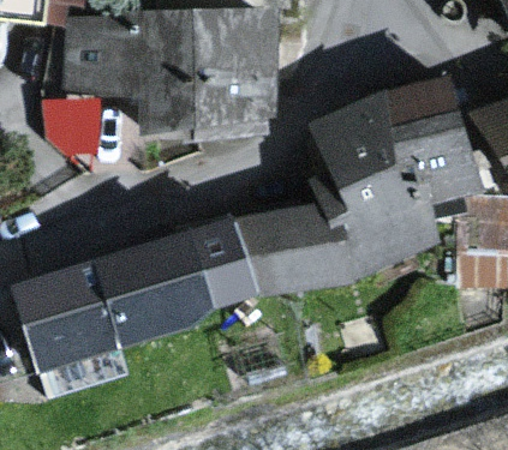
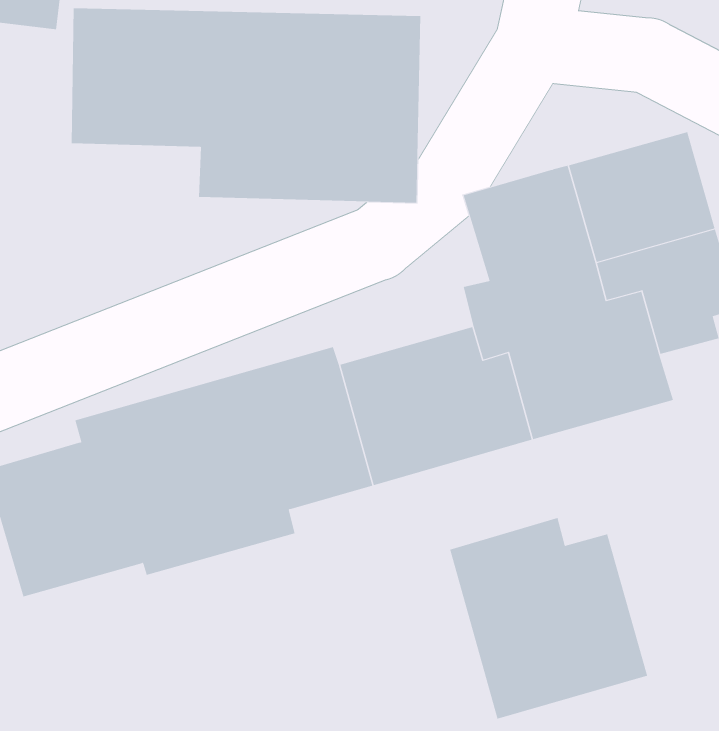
building: none -> [449,517,648,720]

